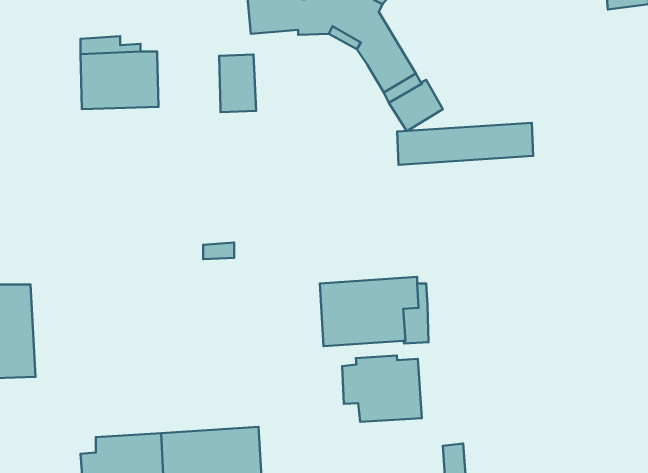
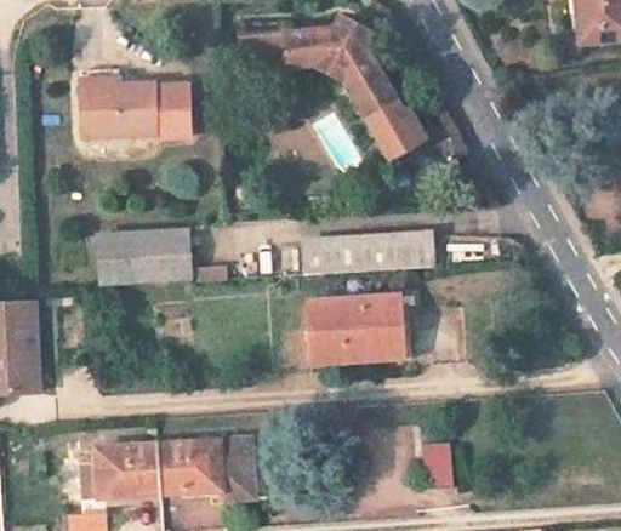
building: [219,54,256,112] -> [154,85,189,139]
building: [397,123,533,165] -> [304,235,433,275]
building: none -> [98,230,189,284]
building: [342,356,422,422] -> none

